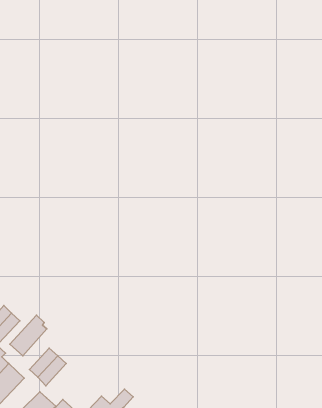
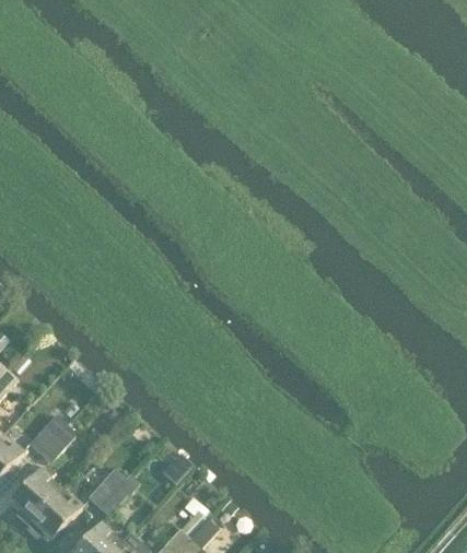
building: [10,315,47,356] -> none

